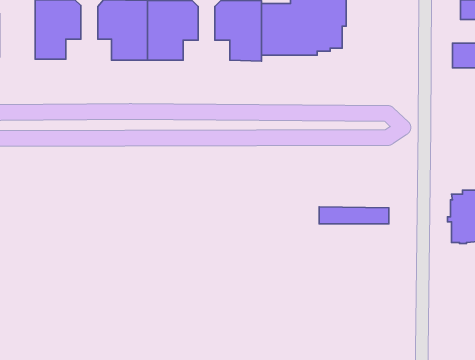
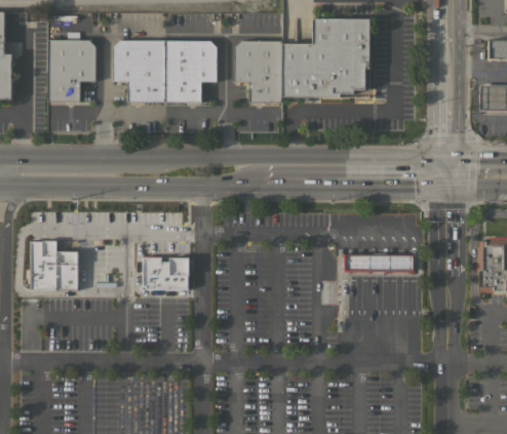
building: none -> [30,240,78,290]
building: none -> [142,258,189,289]

